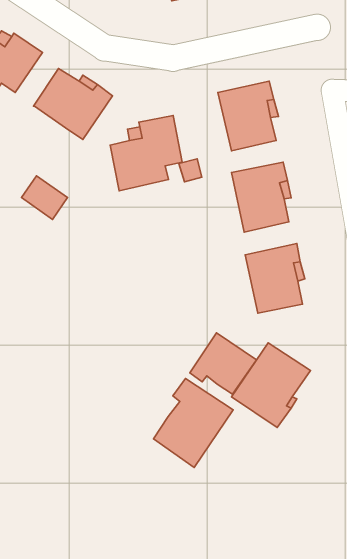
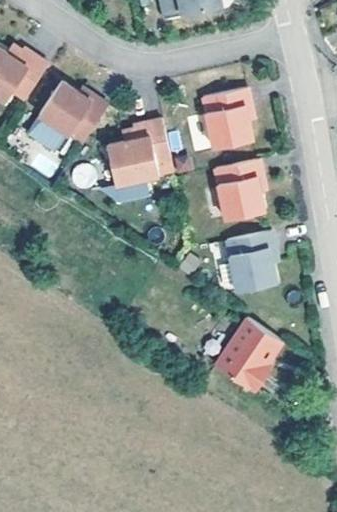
building: [22,176,67,219] -> [29,112,69,150]
building: [190,333,257,394] -> none
building: [153,378,233,468] -> none

